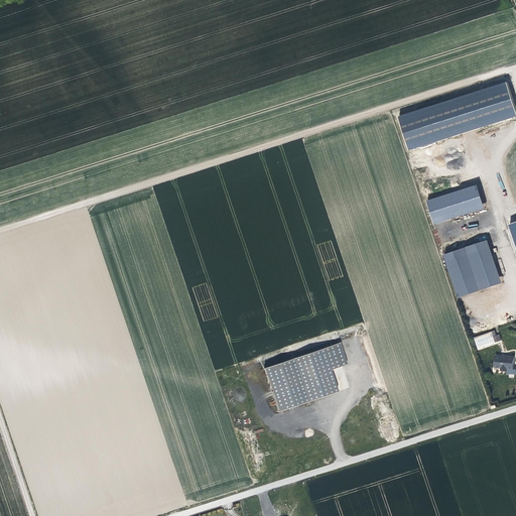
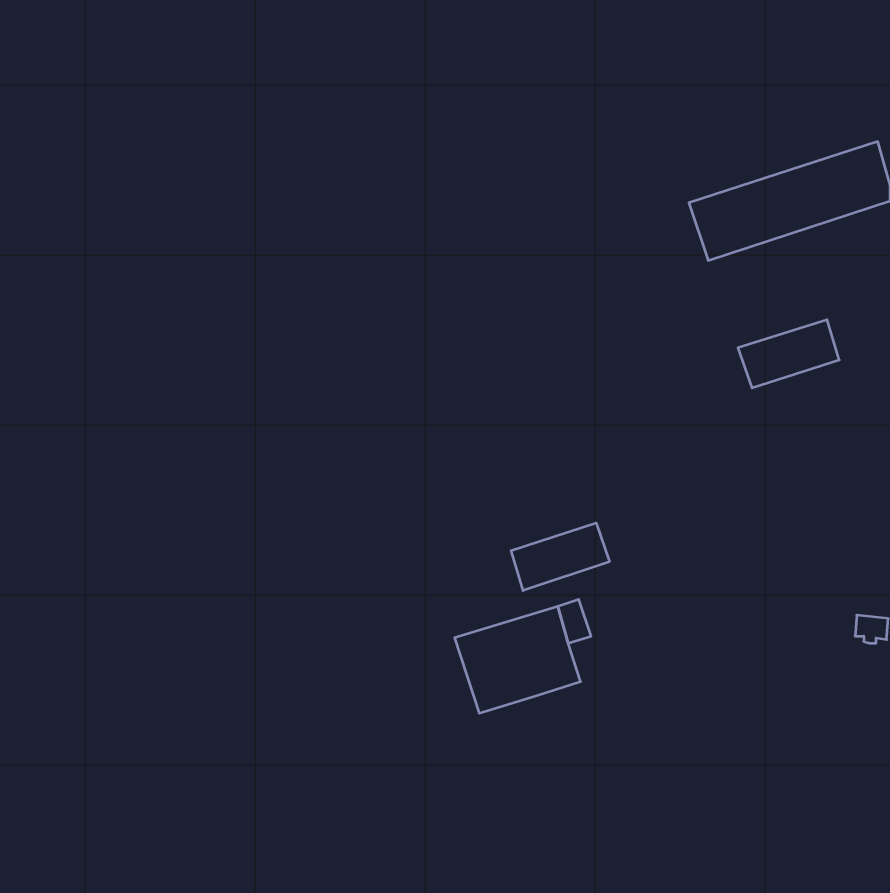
building: [442,240,501,297] -> none
building: none -> [511,523,609,591]

